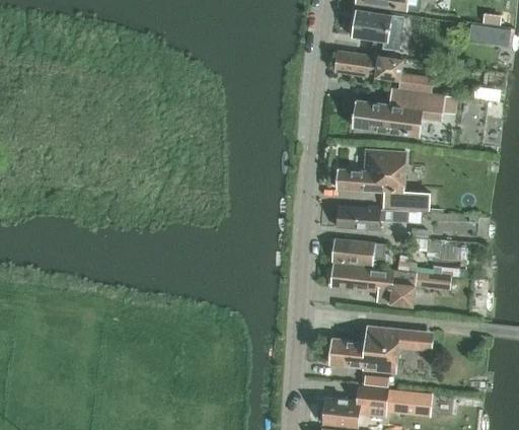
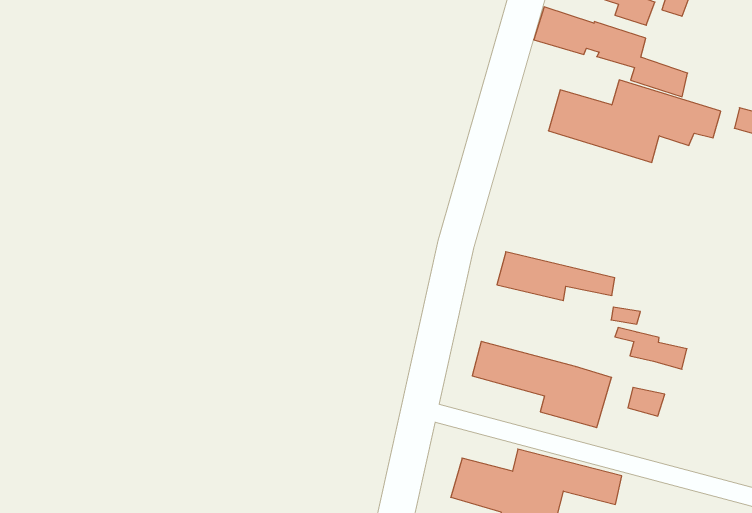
building: [336,149,429,211] -> none
building: [332,238,383,266] -> none

